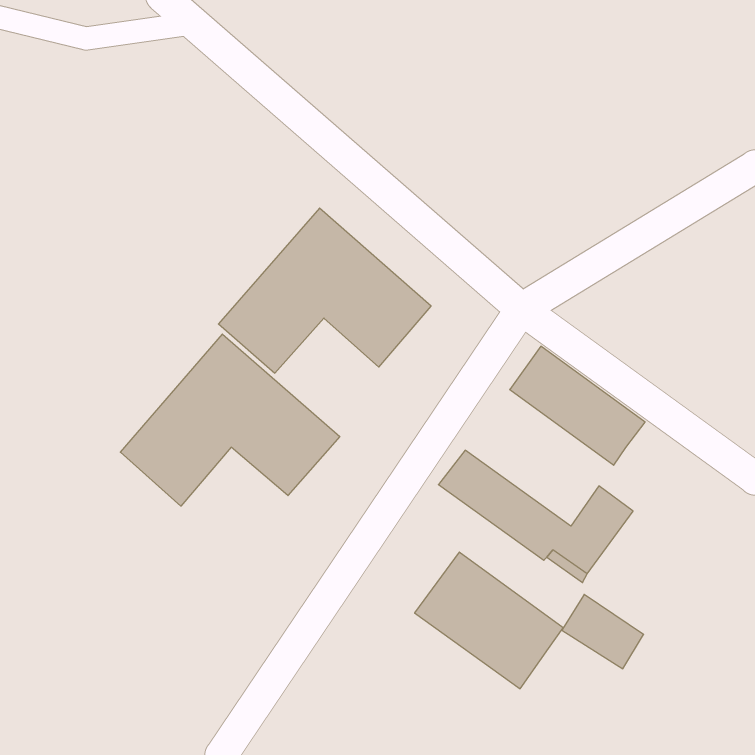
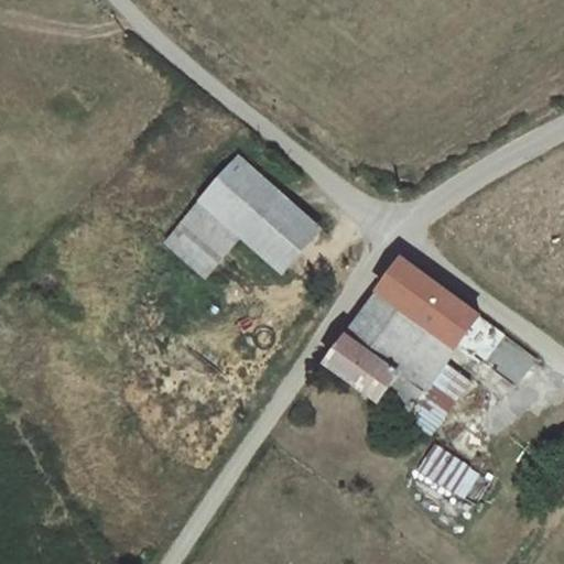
building: [120,334,340,506] -> none
building: [415,552,563,689] -> [345,289,455,390]

